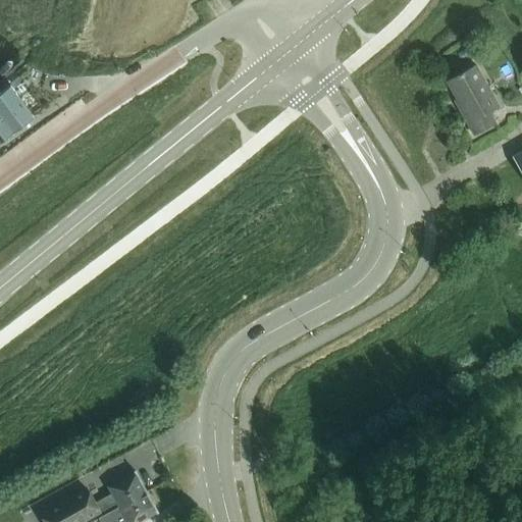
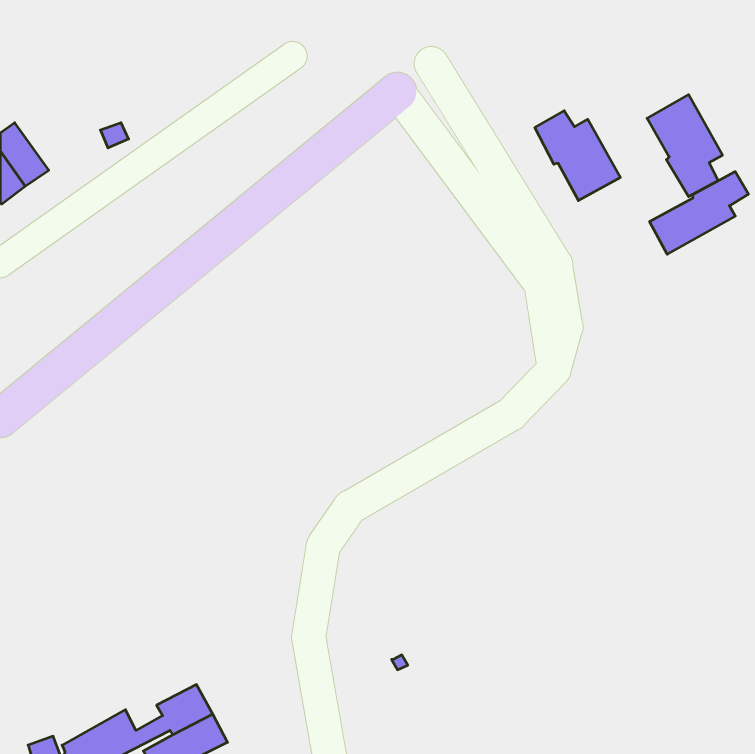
building: none -> [535,111,620,201]
building: none -> [650,172,748,254]

